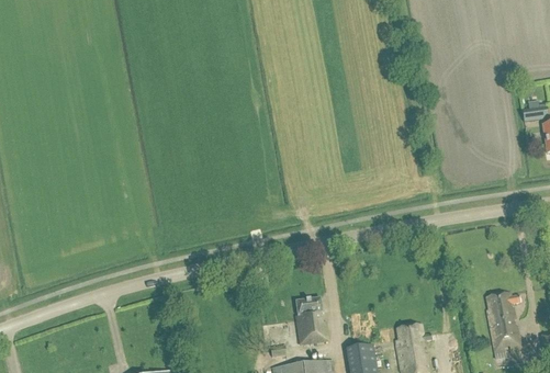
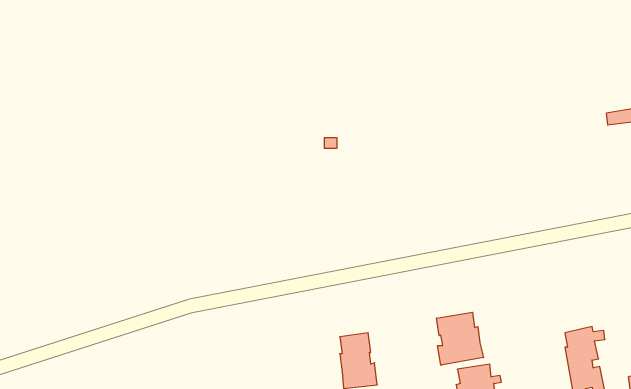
building: none -> [437,312,483,365]

